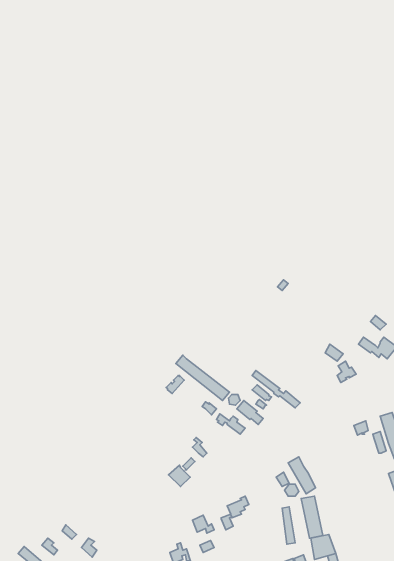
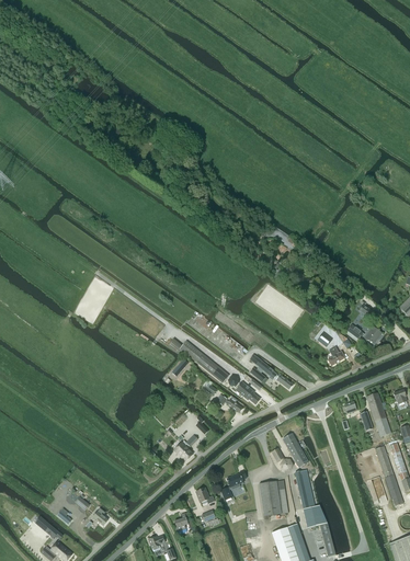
building: none -> [259,481,282,516]

